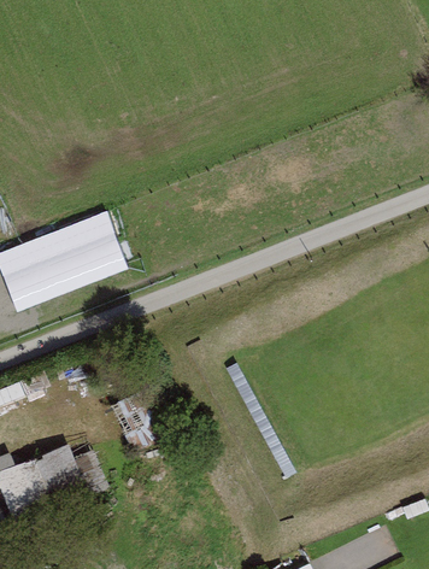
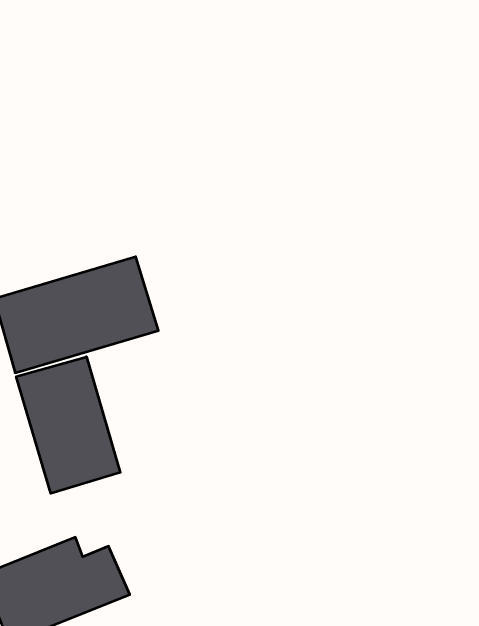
building: none -> [16,357,120,493]

